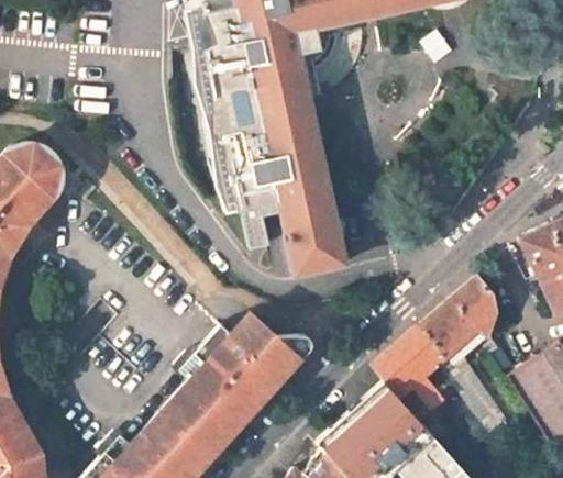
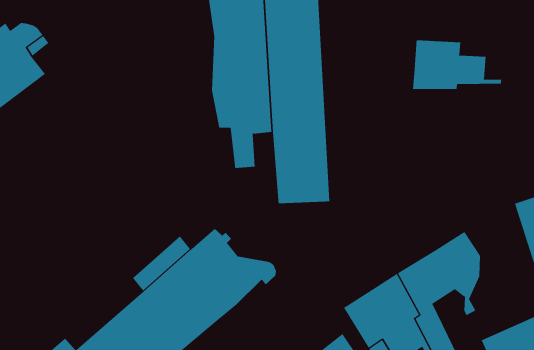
building: none -> [413,40,502,90]

